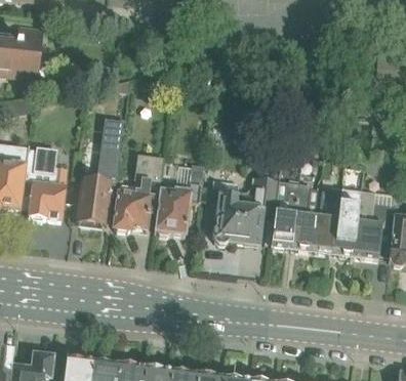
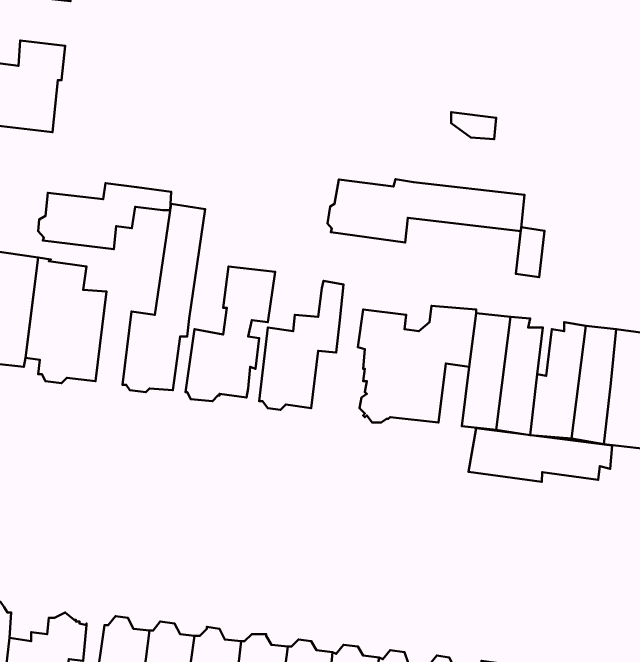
building: none -> [327,179,525,243]
building: none -> [38,183,171,249]
building: none -> [469,428,612,482]

